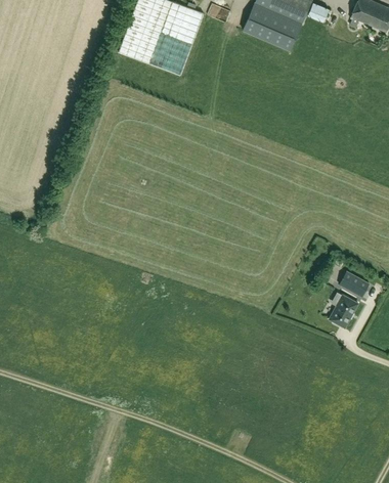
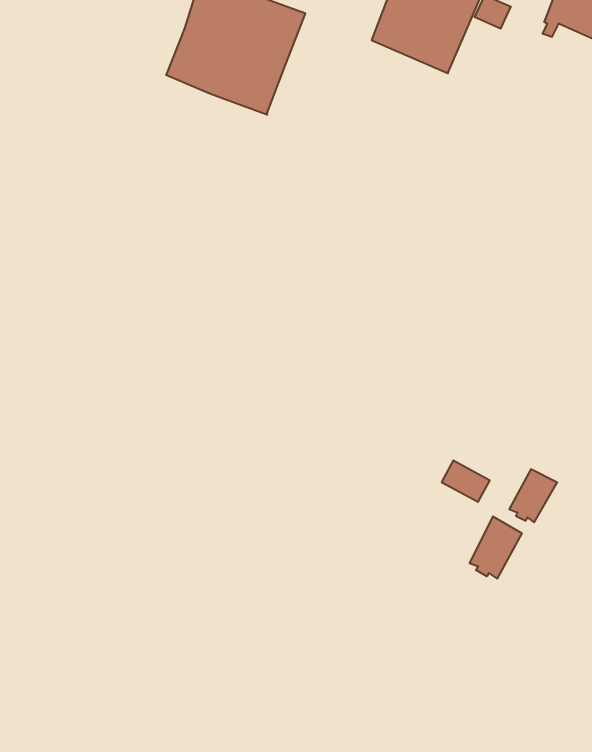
building: [339,270,369,296] -> [442,460,490,502]
building: none -> [470,516,522,579]

